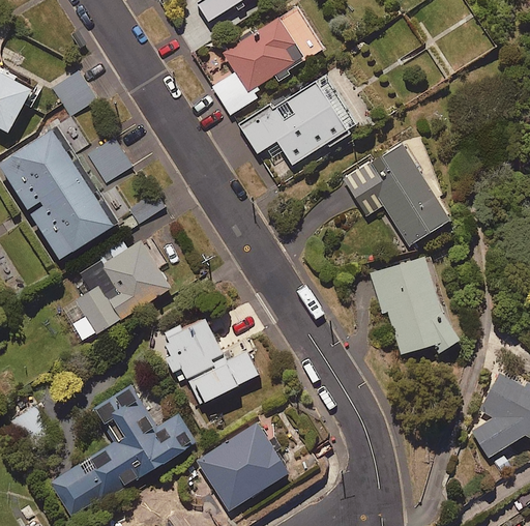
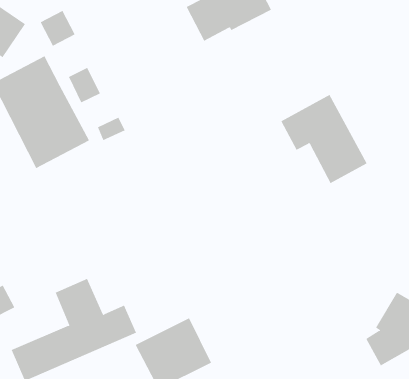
building: [237,70,359,166] -> none
building: [70,234,171,342] -> none
building: [367,256,459,354] -> none
building: [155,314,260,407] -> none

